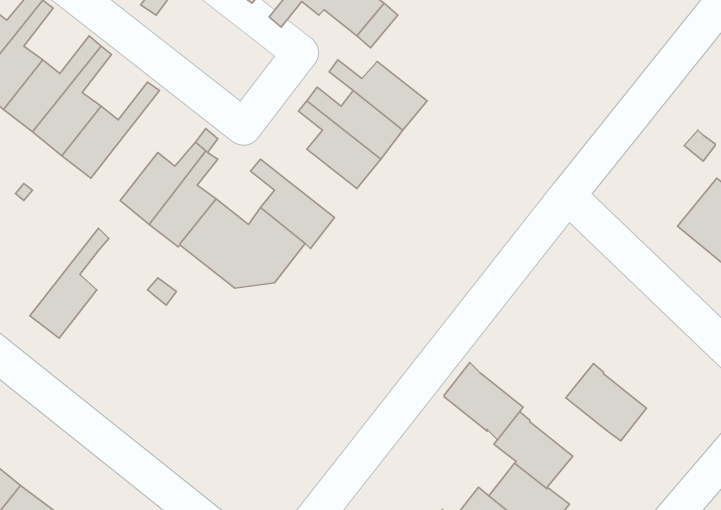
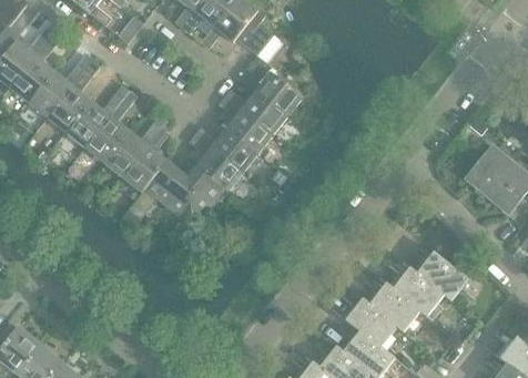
building: none -> [194,125,256,172]
building: [30,228,109,338] -> [84,90,135,161]
building: none -> [416,251,469,302]
building: [444,363,523,440] -> [368,282,419,331]

